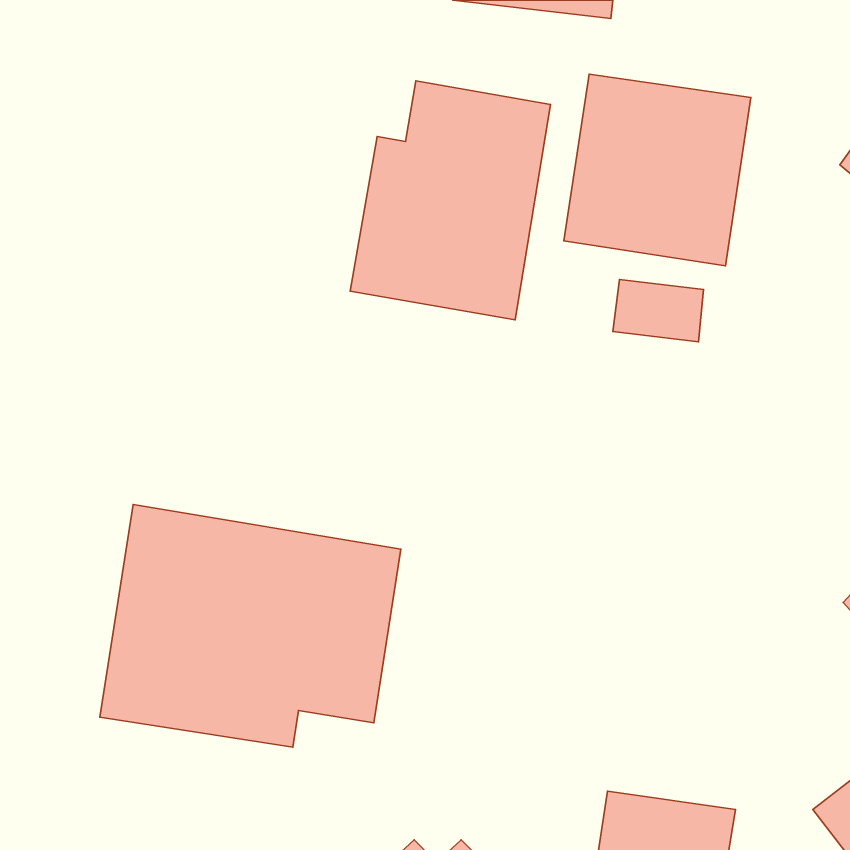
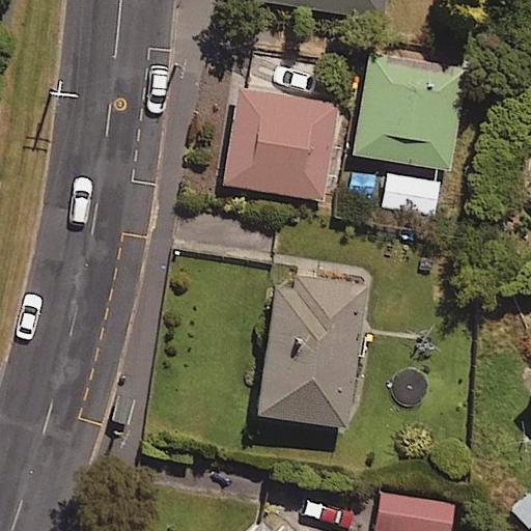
building: none -> [256,275,366,427]
building: [100,505,401,747] -> none

